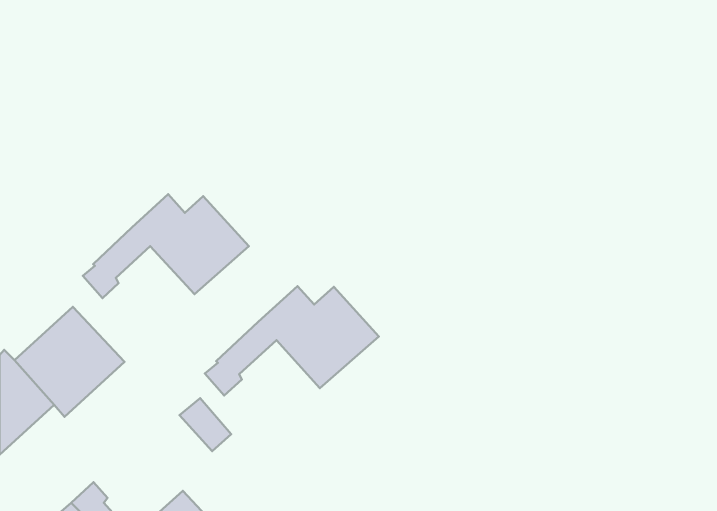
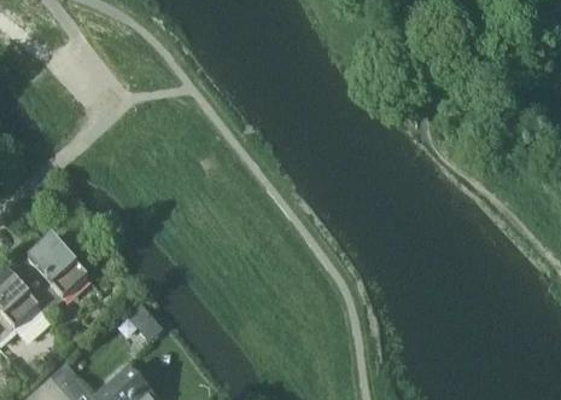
building: [83,194,249,298] -> none
building: [205,286,379,396] -> none

